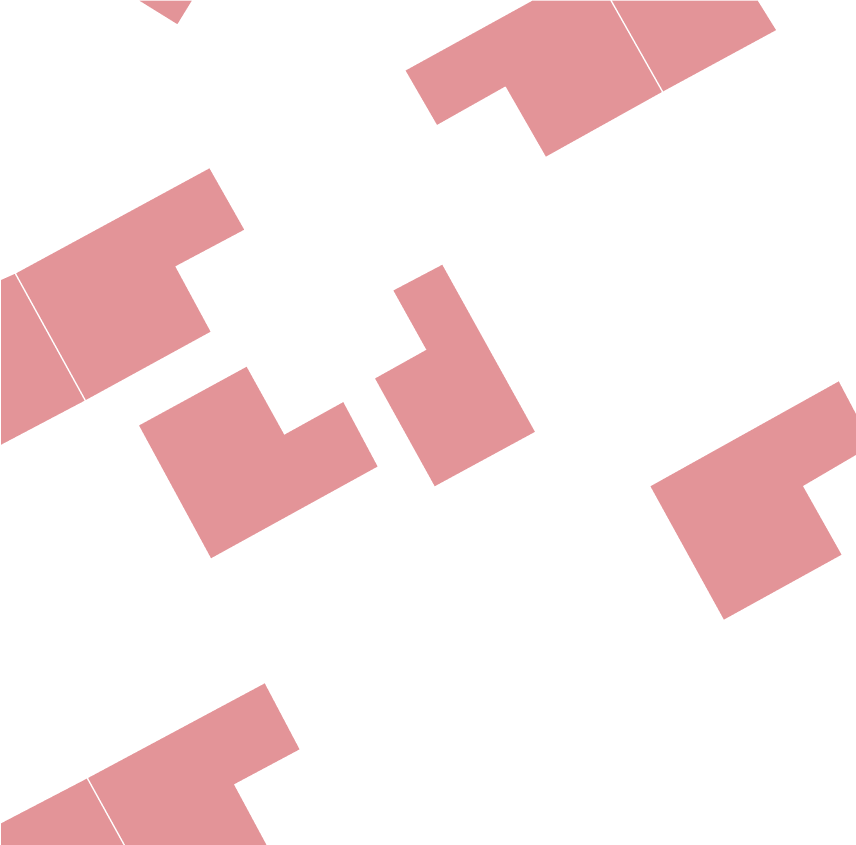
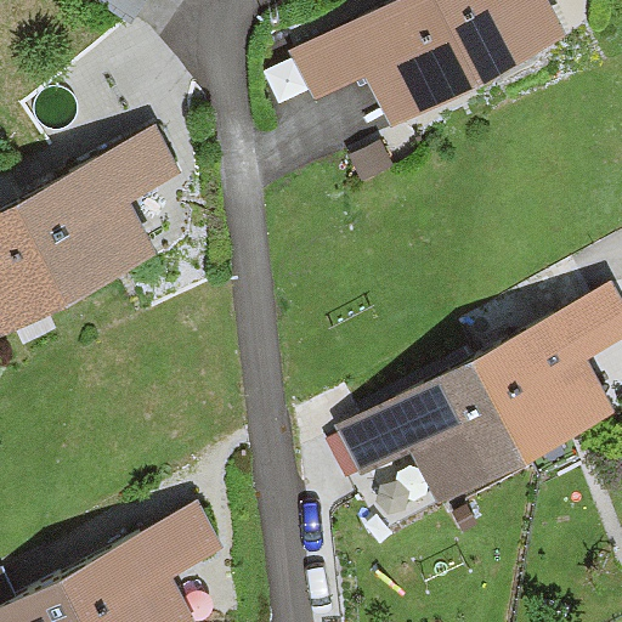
building: [374,264,536,487] -> none
building: [138,366,378,559] -> none
building: none -> [339,361,525,504]

